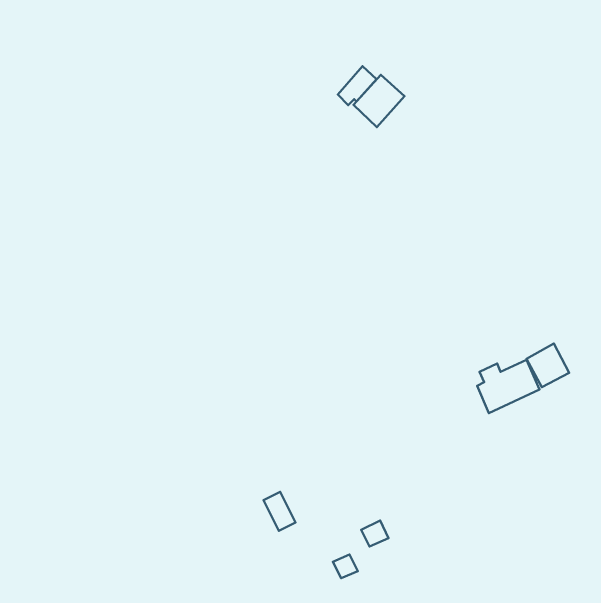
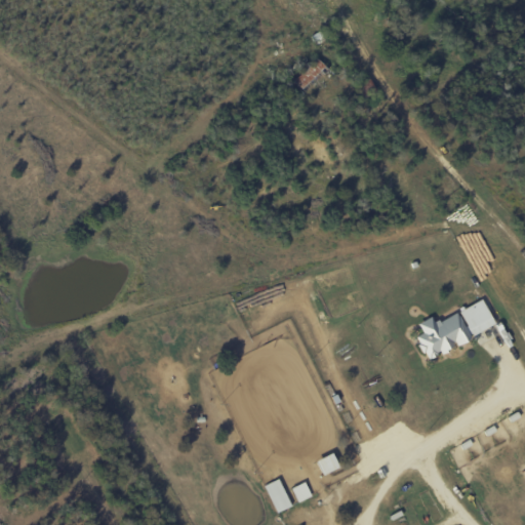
building: [354,75,405,127] -> none
building: [264,492,295,531] -> [265,479,292,513]

